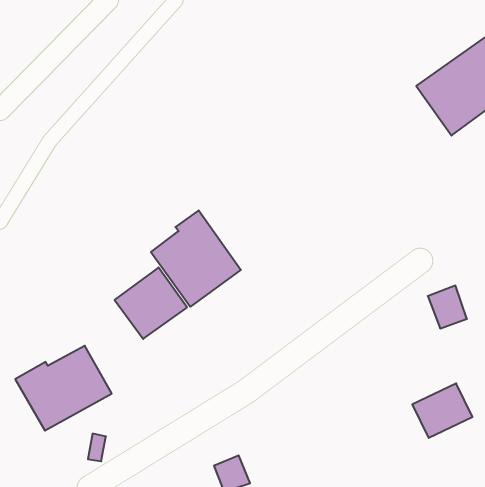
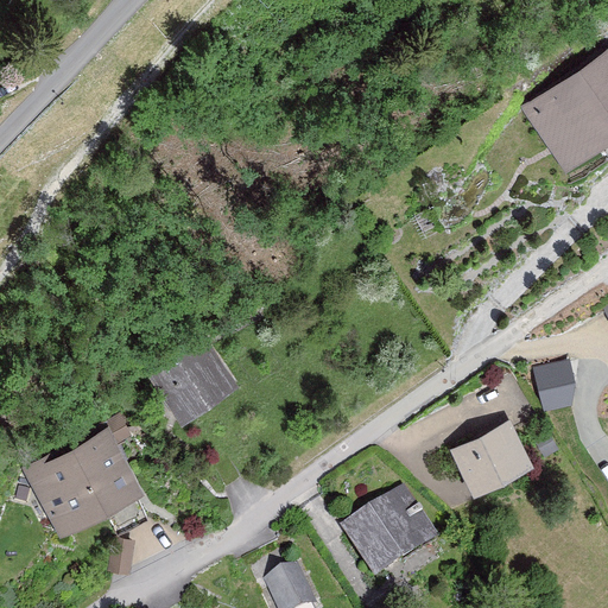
building: [151,210,241,307] -> none
building: [412,383,472,438] -> [456,425,531,493]
building: none -> [342,490,437,582]

